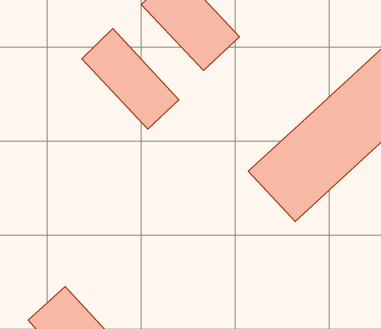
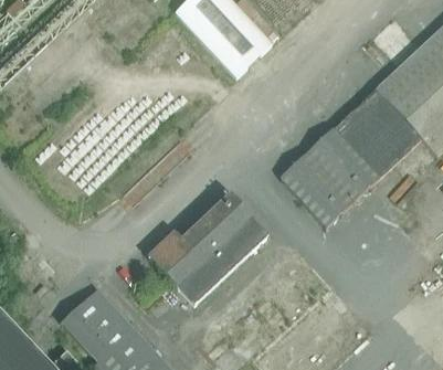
building: [82,29,179,129] -> none
building: none -> [149,195,266,302]

